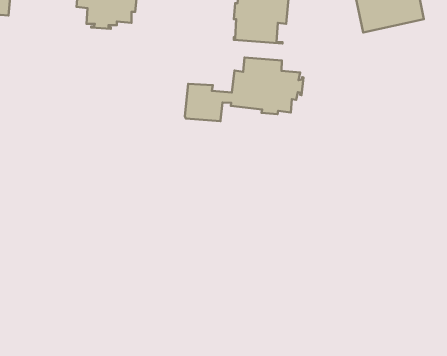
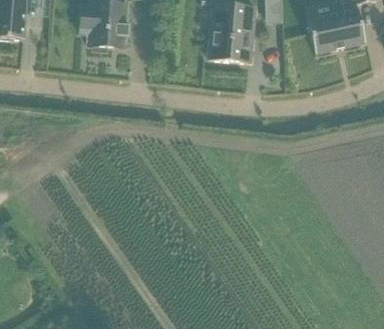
building: [185,57,304,121] -> none

